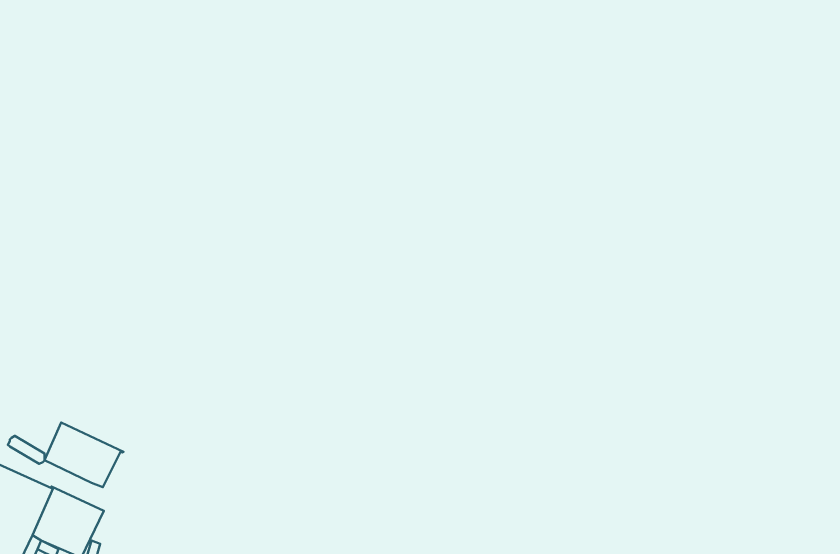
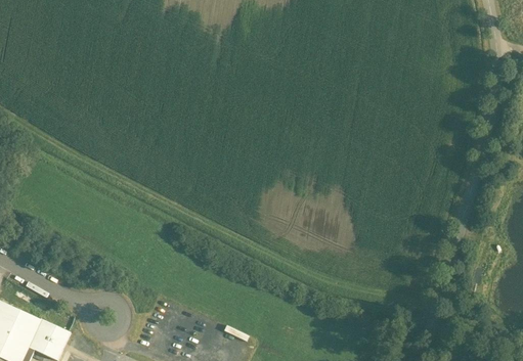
building: [45,423,124,487] -> none

